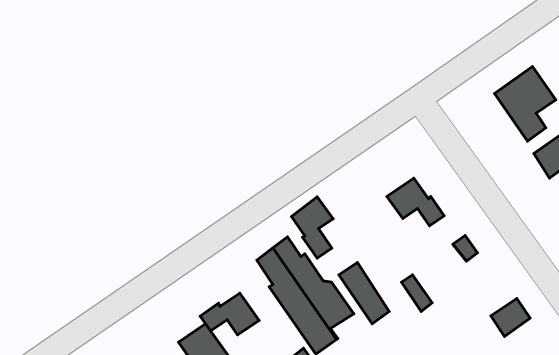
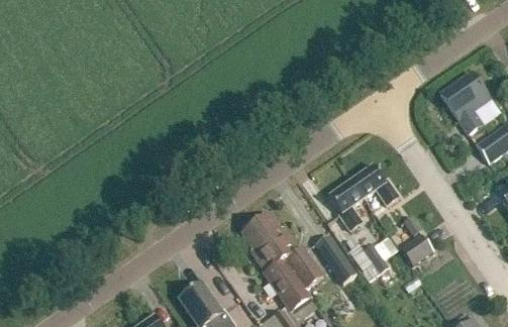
building: [291,197,333,258] -> [329,178,364,228]
building: [200,293,259,335] -> none
building: [491,299,530,337] -> [400,233,432,264]

